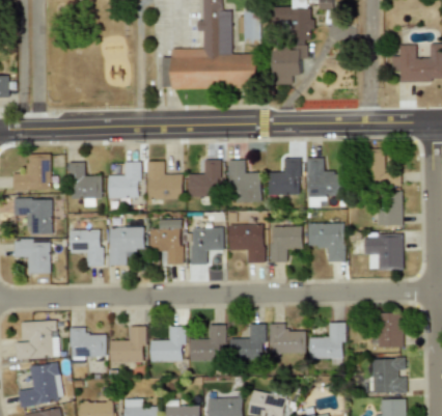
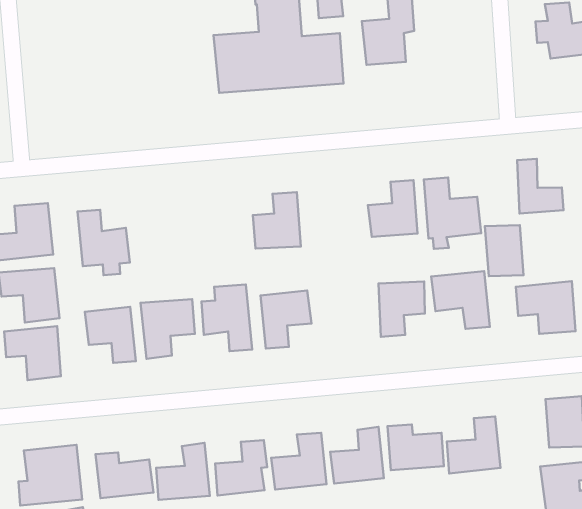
building: [228,160,261,202] -> none
building: [147,161,183,199] -> none
building: [108,162,140,198] -> none
building: [378,191,402,226] -> [485,225,524,276]
building: [228,225,264,262] -> none

